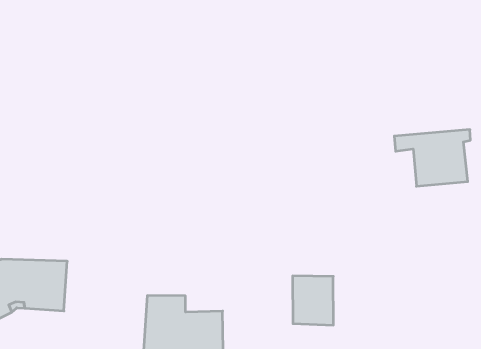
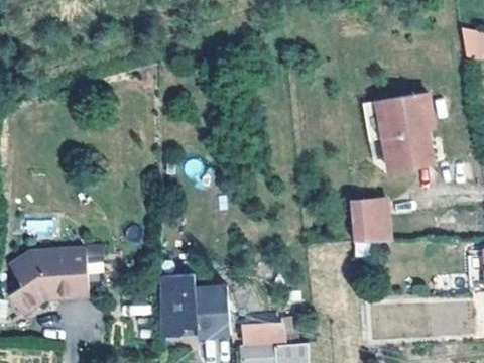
building: none -> [364,90,433,124]
building: [293,276,333,325] -> [352,196,390,239]

